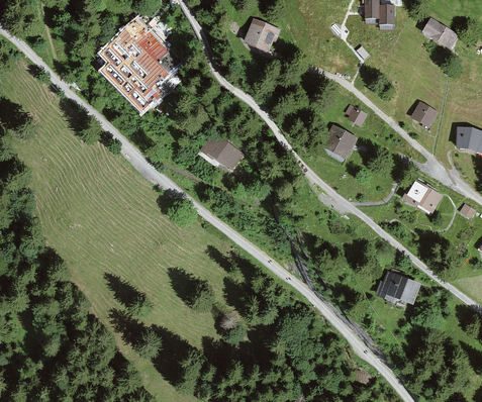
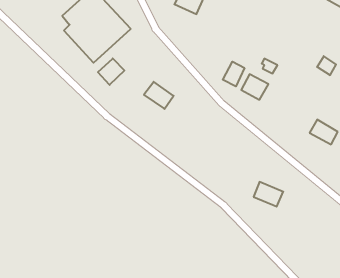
building: none -> [98,58,124,85]
building: none -> [223,62,244,86]
building: [380,273,416,303] -> [254,182,283,207]

